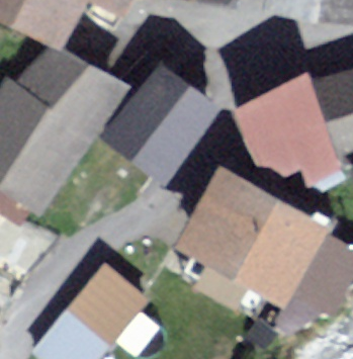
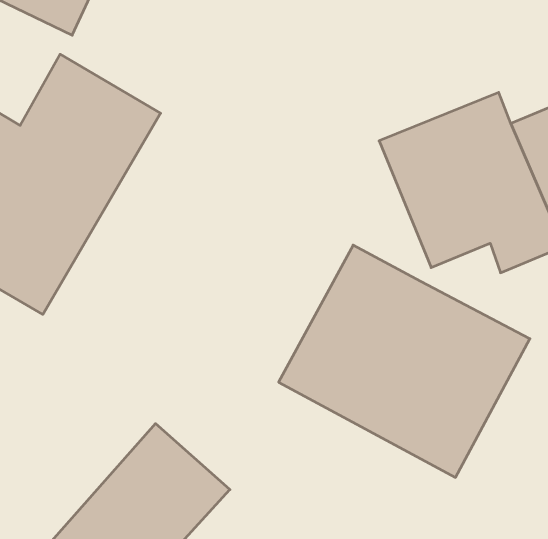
building: [109,64,215,173] -> none

